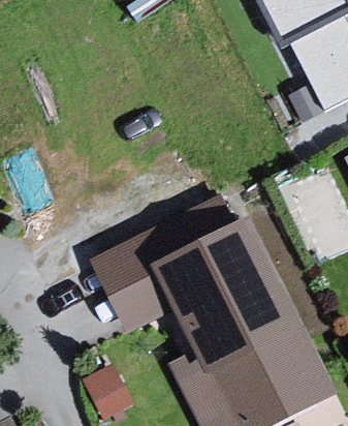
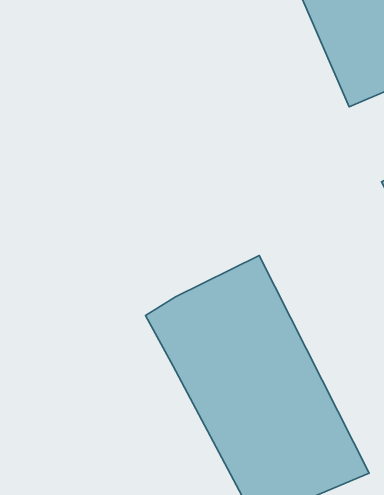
building: [86,223,172,331] -> none

